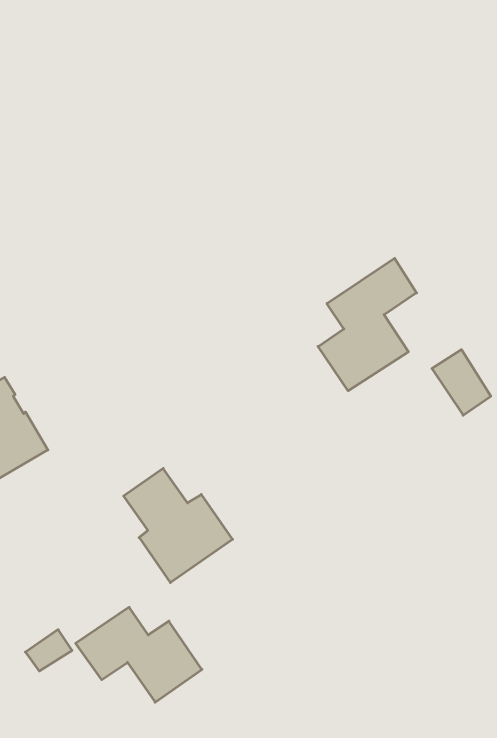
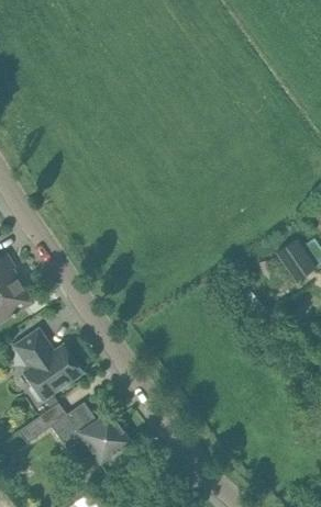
building: [318,258,417,391] -> none
building: [124,468,233,583] -> [13,328,82,401]

